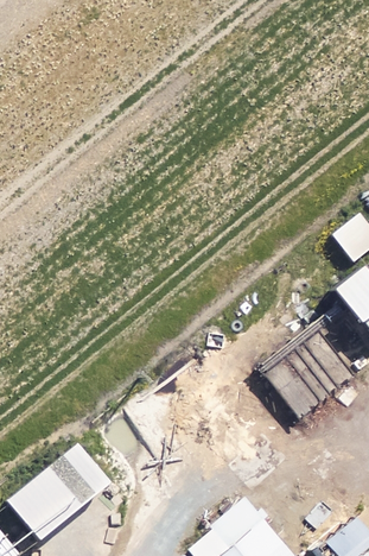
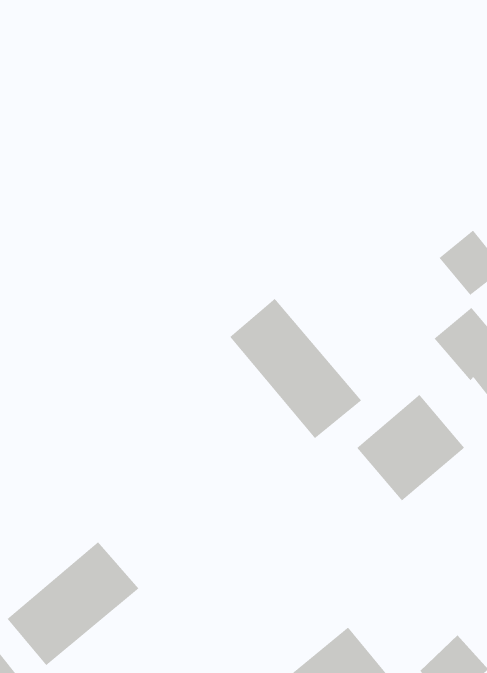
building: none -> [229,298,362,439]

